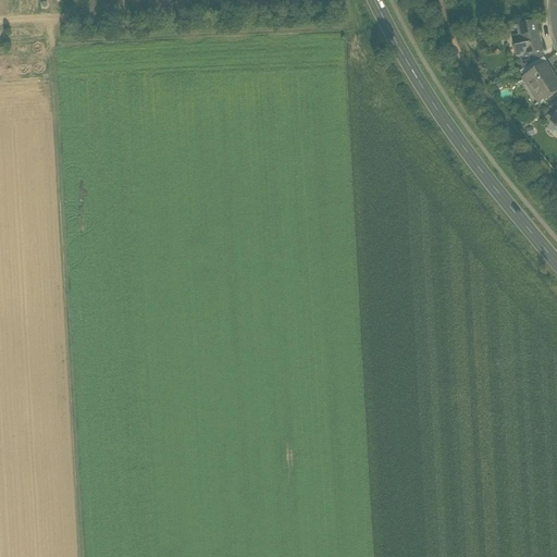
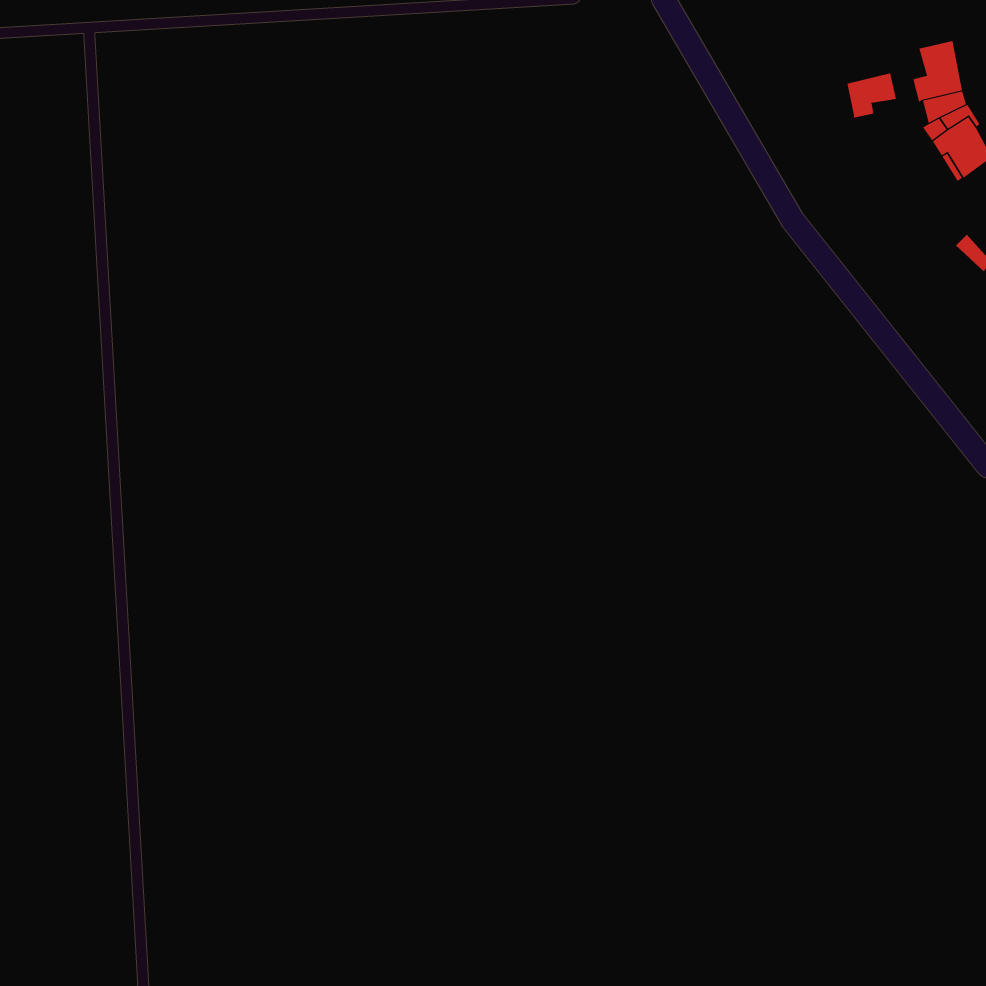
building: none -> [847,72,897,118]

